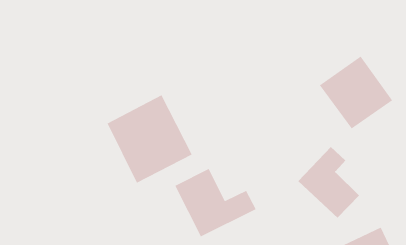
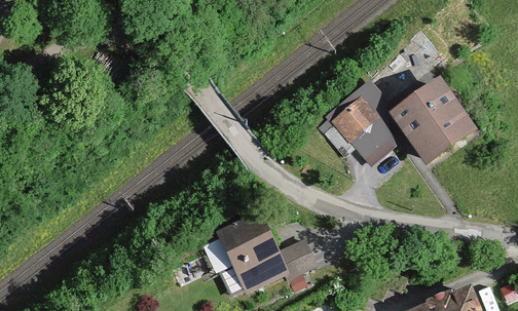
building: [106,94,193,184] -> none
building: [298,146,360,219] -> [327,74,402,161]

